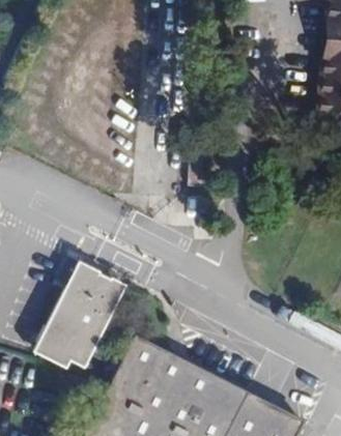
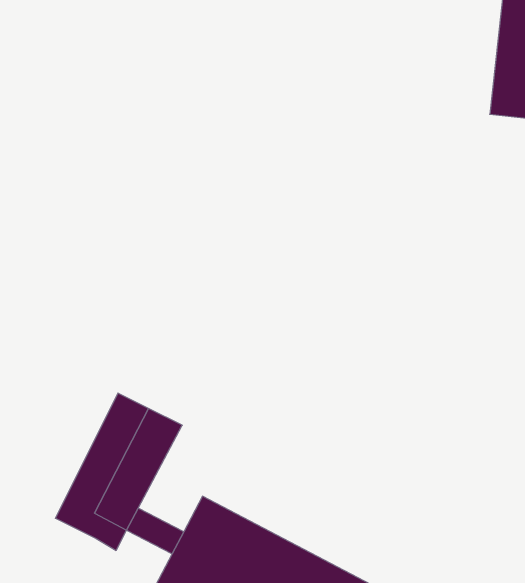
building: [31,262,132,375] -> none

